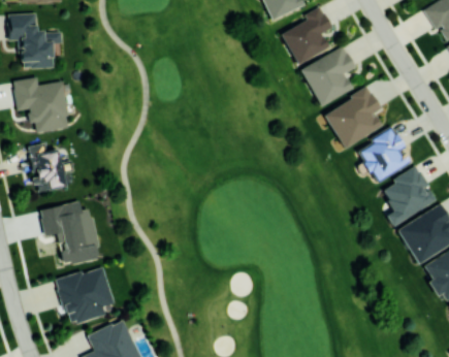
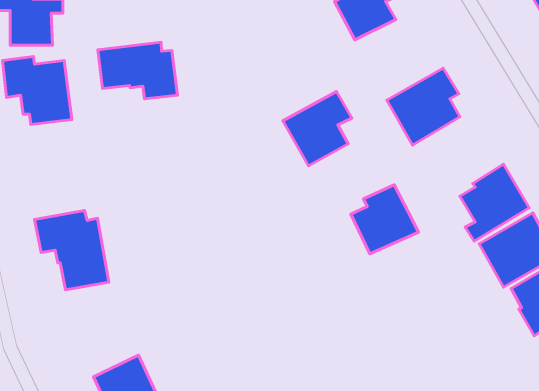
building: [300,46,356,106] -> [283,91,352,166]
building: none -> [98,42,178,99]
building: [358,127,413,183] -> [351,185,419,254]
building: [29,144,65,193] -> none
building: [56,266,115,326] -> none

